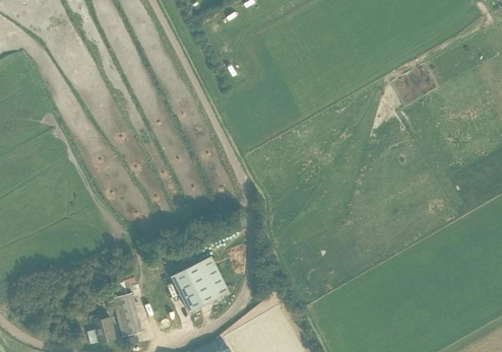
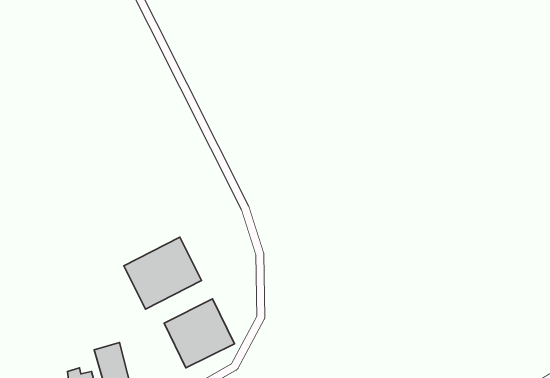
building: none -> [124,237,202,309]

